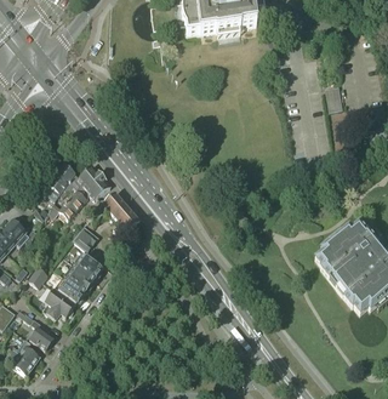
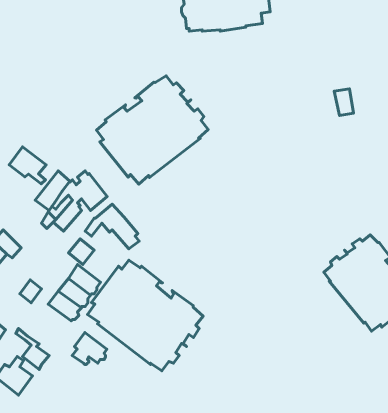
building: none -> [97,76,208,184]
building: none -> [9,147,46,184]
building: none -> [88,260,203,371]
building: [42,289,75,319] -> [72,333,107,365]

